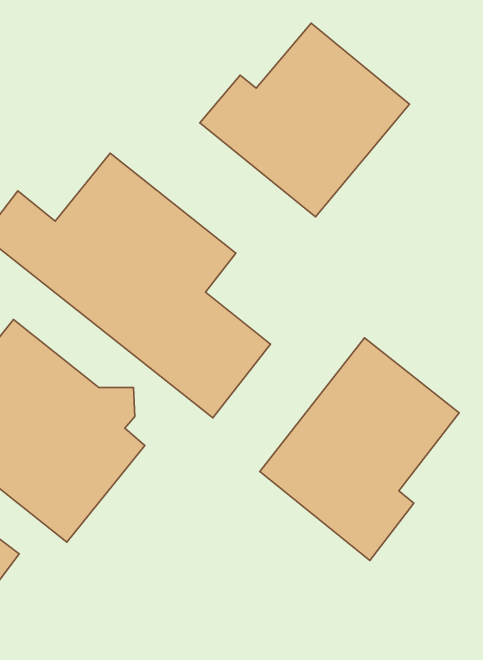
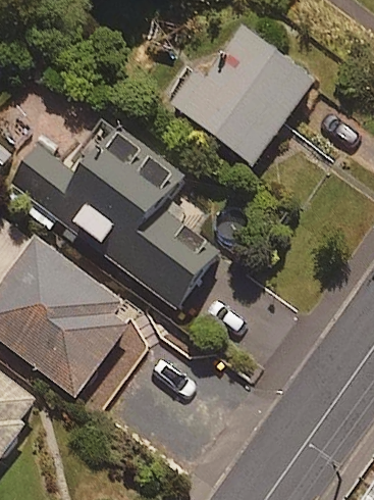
building: [260,338,459,560] -> none

